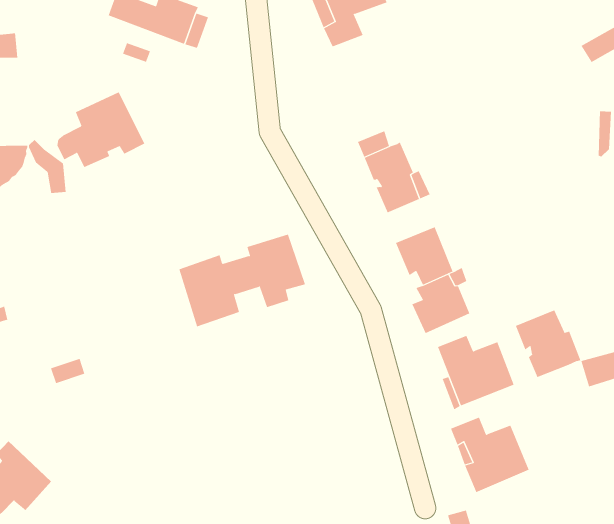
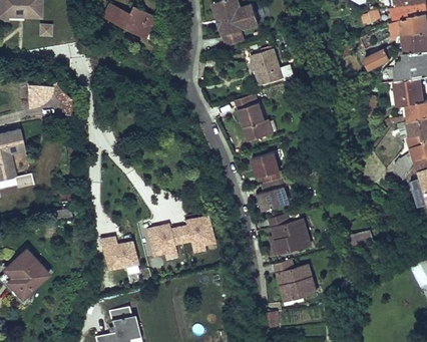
building: none -> [250,48,283,85]
building: [57,91,145,168] -> none
building: [178,234,306,327] -> [145,215,216,262]
building: [515,310,581,378] -> none
building: none -> [98,236,138,273]

